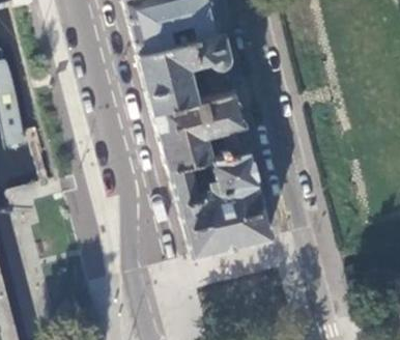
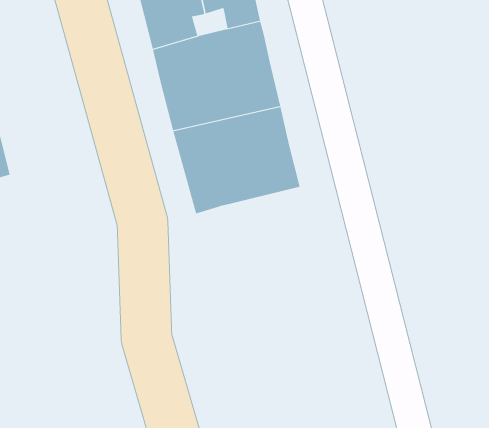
building: [170,155,272,257] -> none

